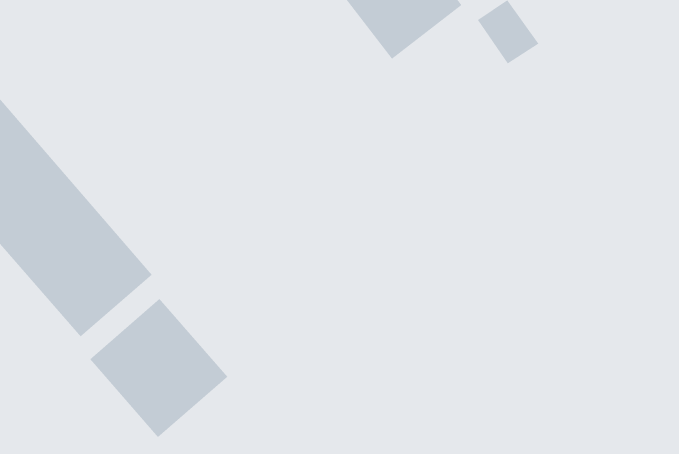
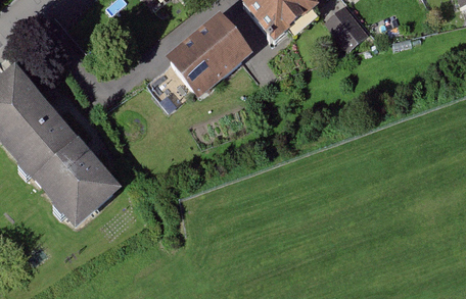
building: none -> [155,12,253,102]
building: [89,298,228,438] -> none

